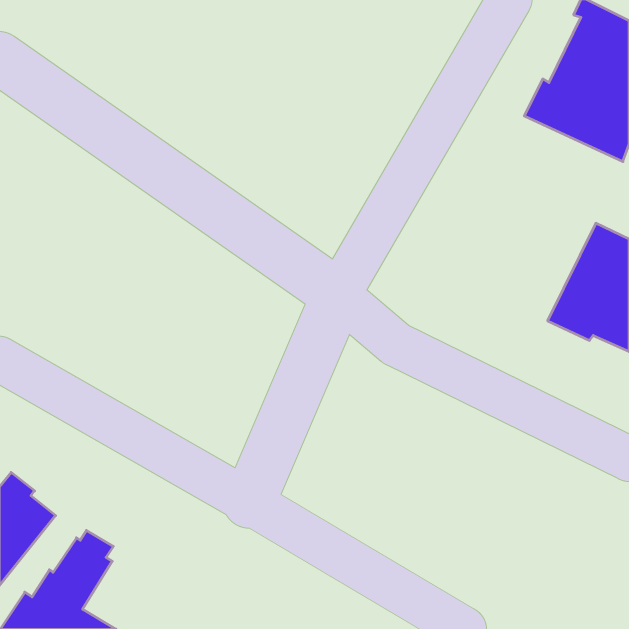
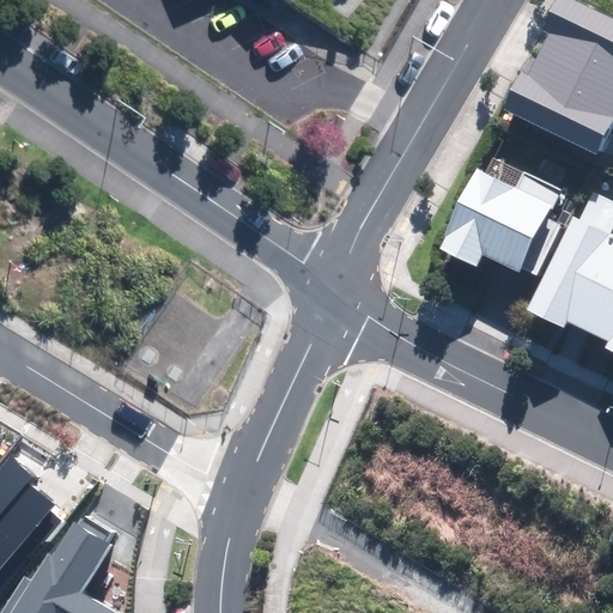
building: none -> [447,158,566,275]

